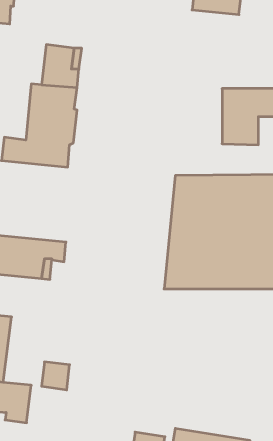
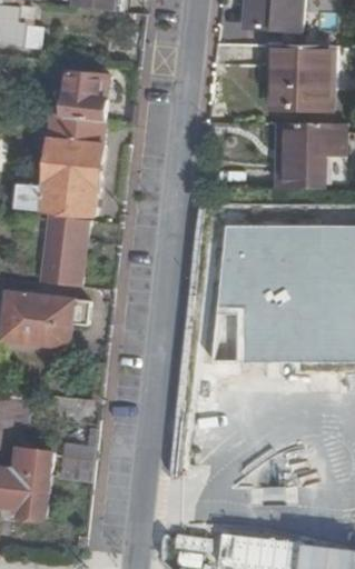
building: none -> [267,43,327,110]
building: none -> [42,220,89,289]

